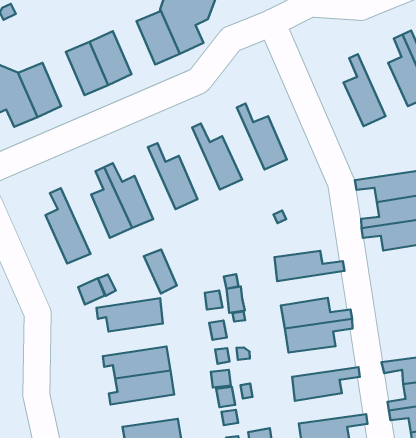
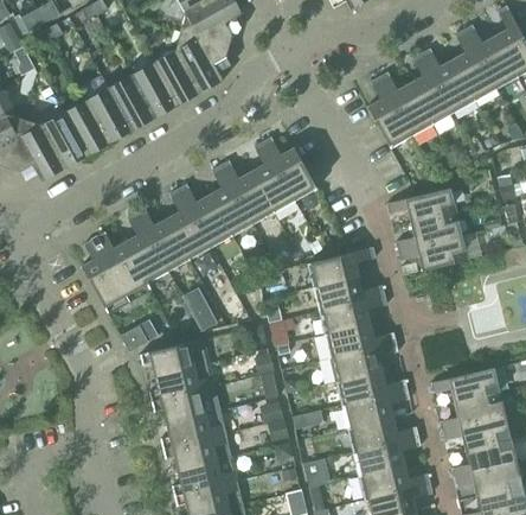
building: none -> [133,64,178,117]
building: none -> [379,72,434,136]
building: none -> [65,101,110,155]
building: none -> [251,141,296,212]
building: none -> [210,165,254,236]
building: none -> [167,189,211,260]
building: none -> [95,231,152,300]
building: none -> [308,247,376,287]
building: none -> [319,294,387,335]
building: none -> [149,363,214,401]
building: none -> [336,370,408,405]
building: none -> [347,417,419,451]
building: none -> [163,433,232,470]

